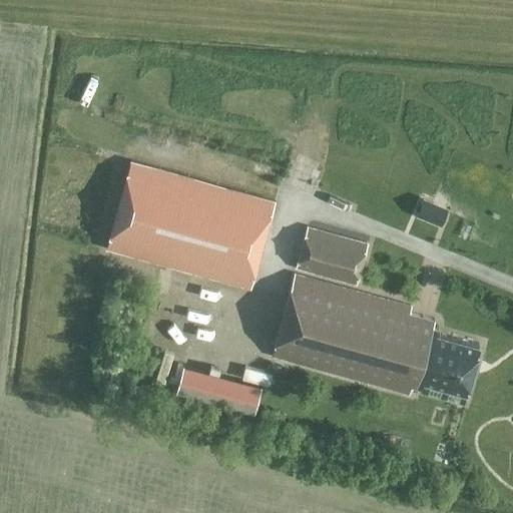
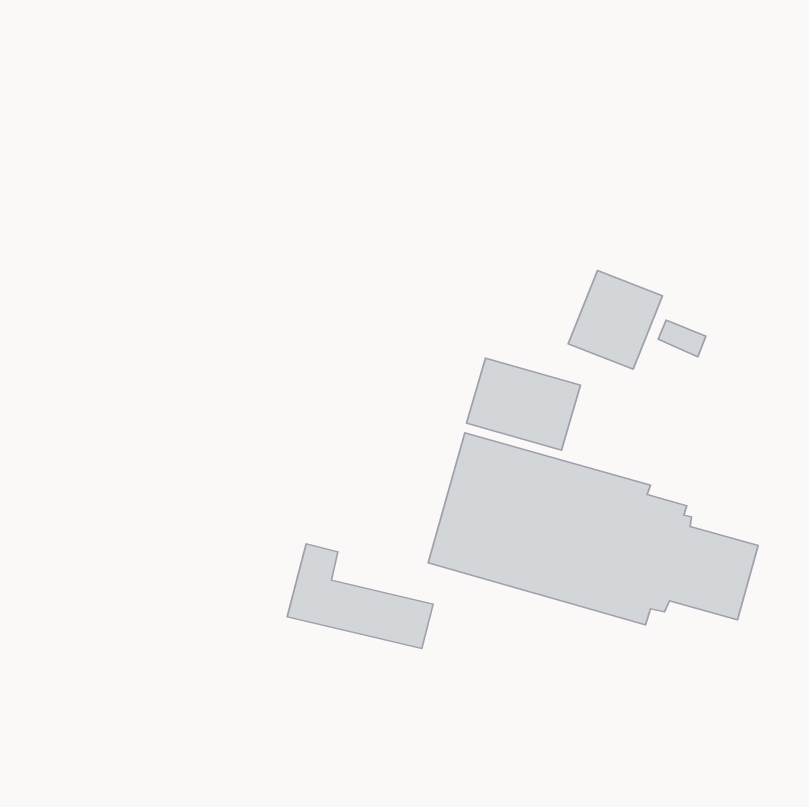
building: [106,162,274,289] -> none
building: none -> [568,271,662,369]

